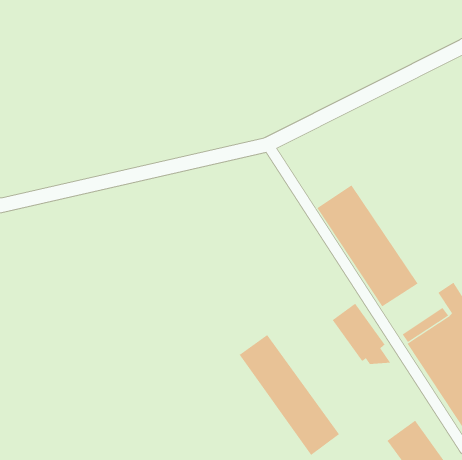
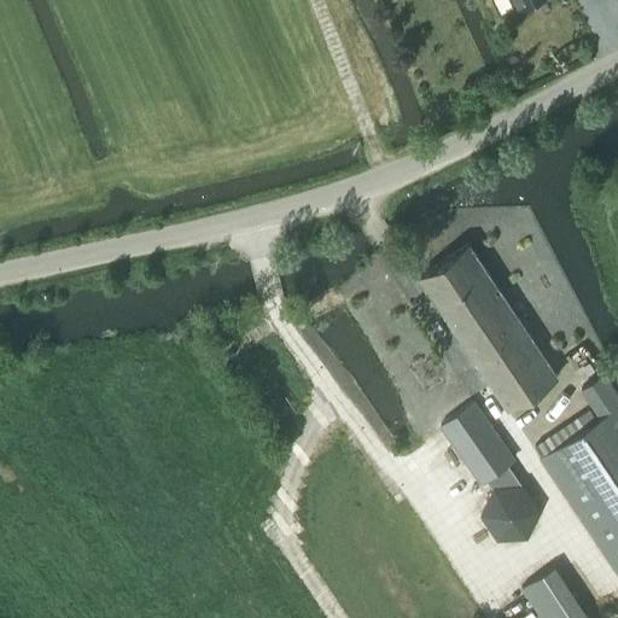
building: [239,334,340,456] -> none
building: none -> [480,488,541,542]

